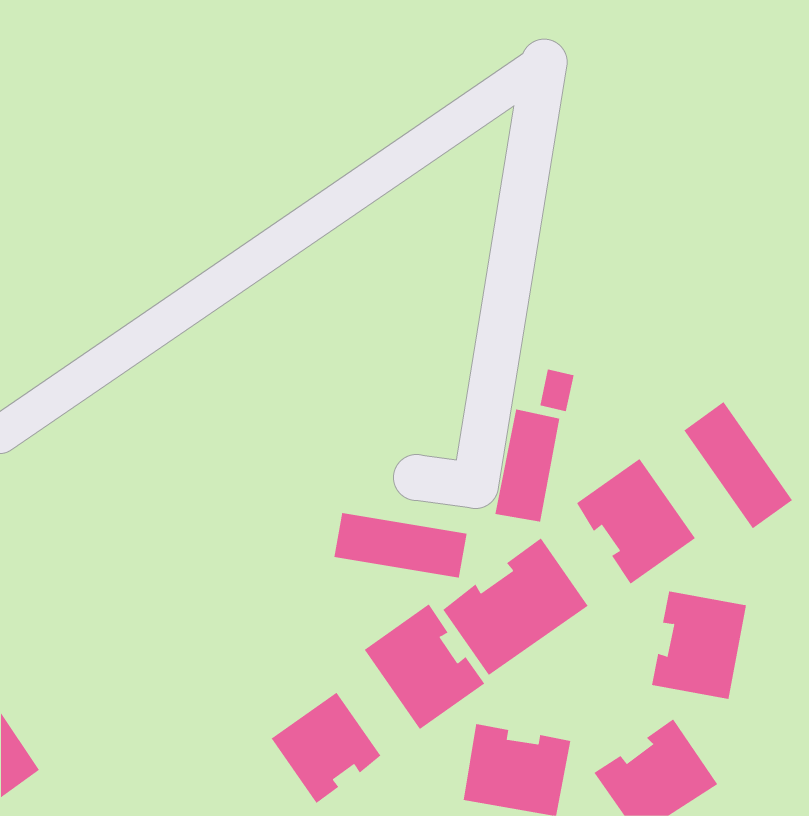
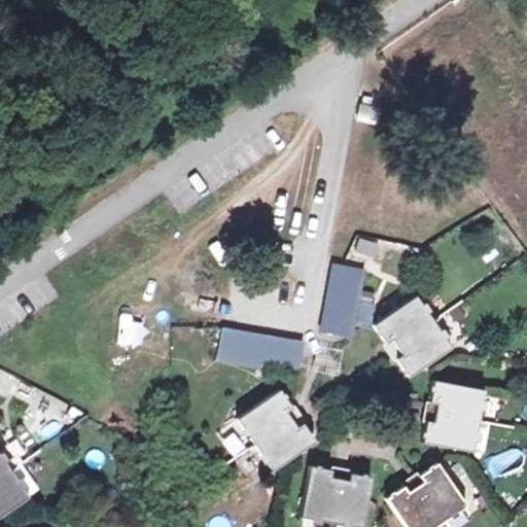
building: [684,401,793,529] -> none
building: [442,538,588,676] -> none
building: [271,692,381,804] -> none

